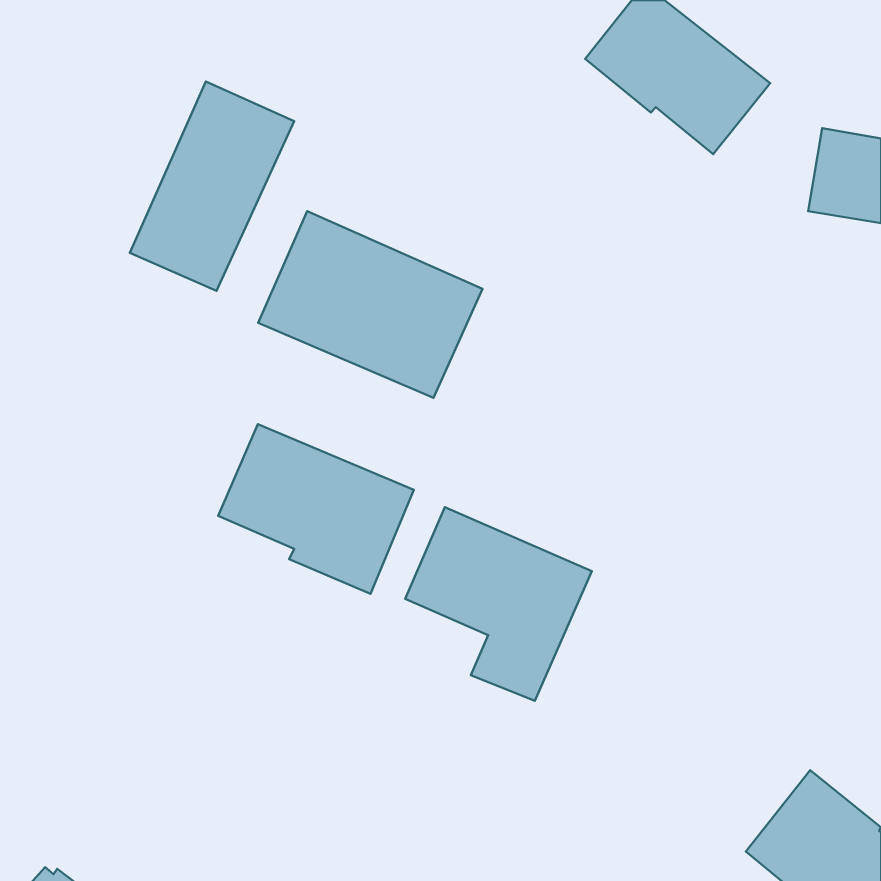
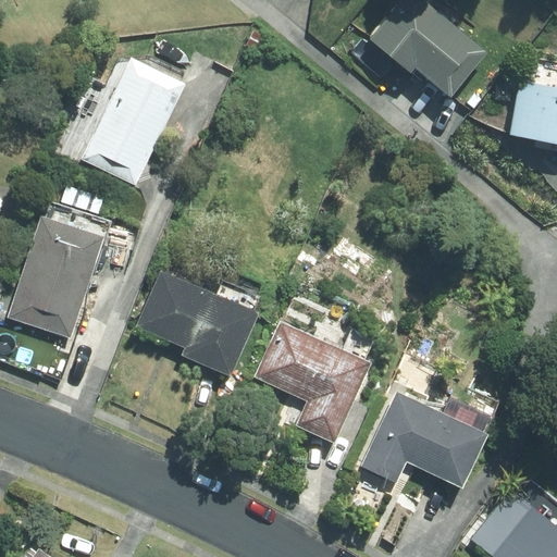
building: [258,211,482,398] -> none
building: none -> [8,214,107,339]
building: none -> [361,391,490,488]

